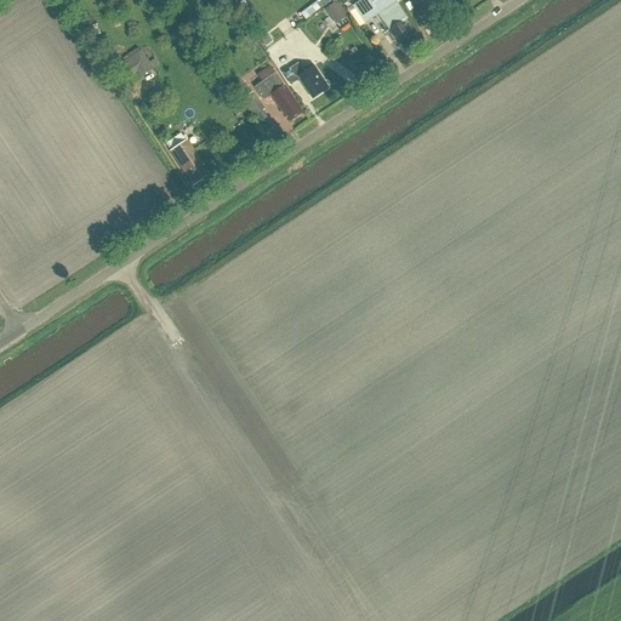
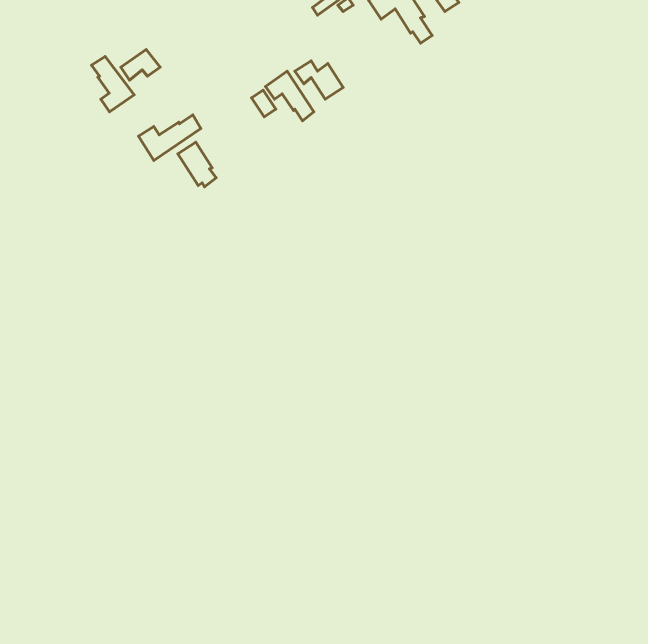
building: none -> [91,57,134,112]
building: none -> [138,115,201,160]

